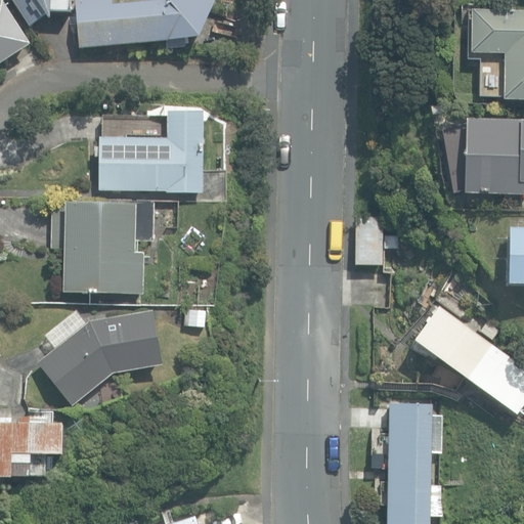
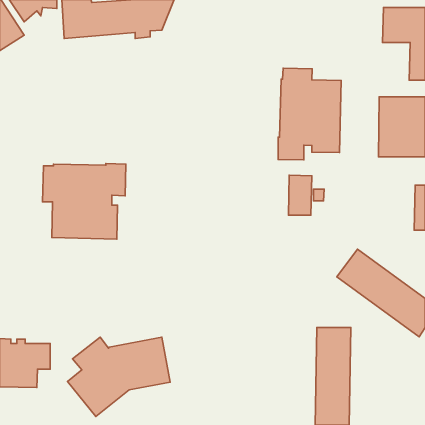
building: none -> [278,68,341,160]
building: [99,112,202,192] -> none
building: [37,308,163,405] -> [68,337,170,416]

